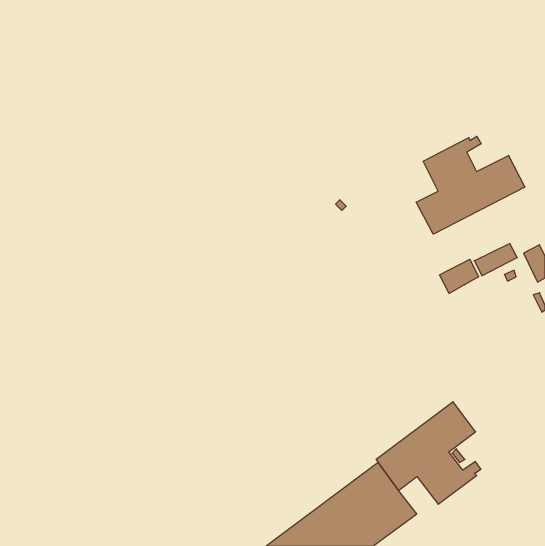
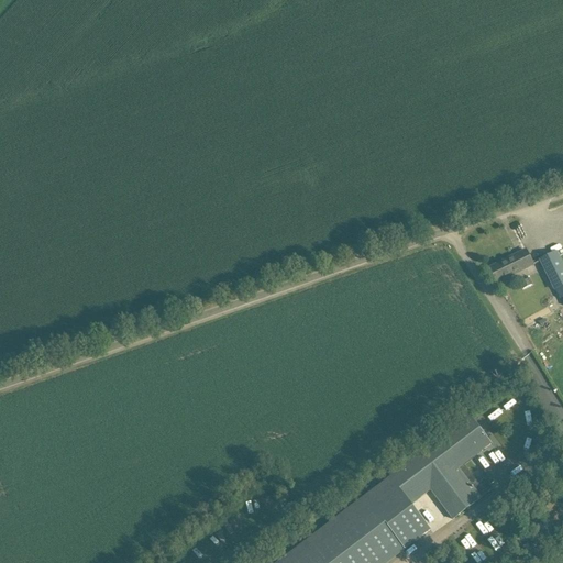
building: [416,136,525,234] -> none
building: [439,259,479,293] -> none

